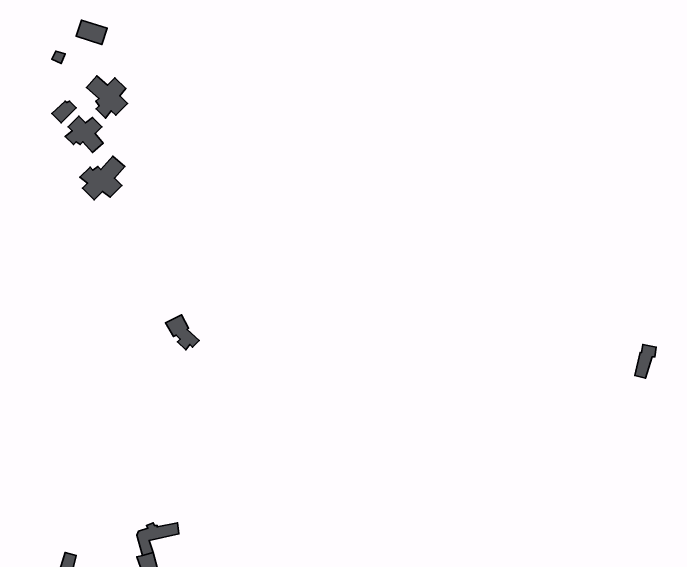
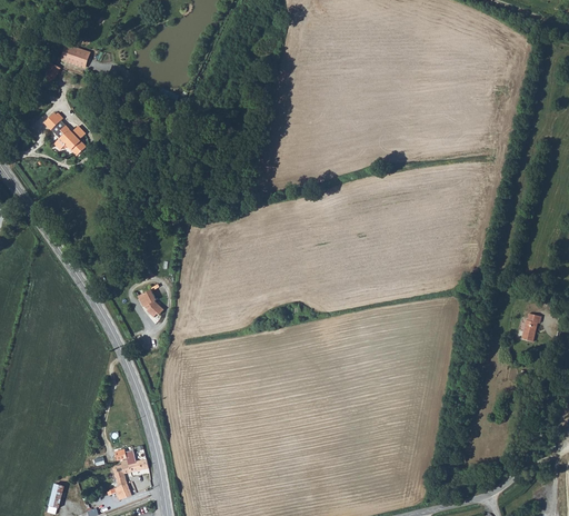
building: [87,76,128,118] -> none
building: [80,156,125,200] -> none

